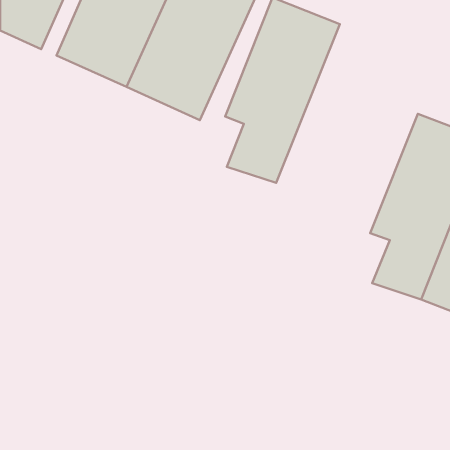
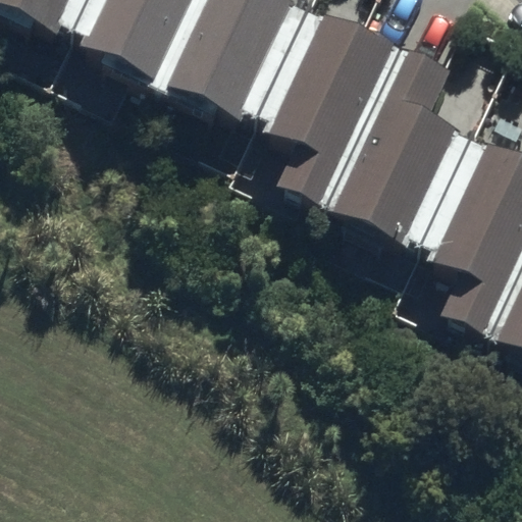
building: none -> [323,28,453,240]

